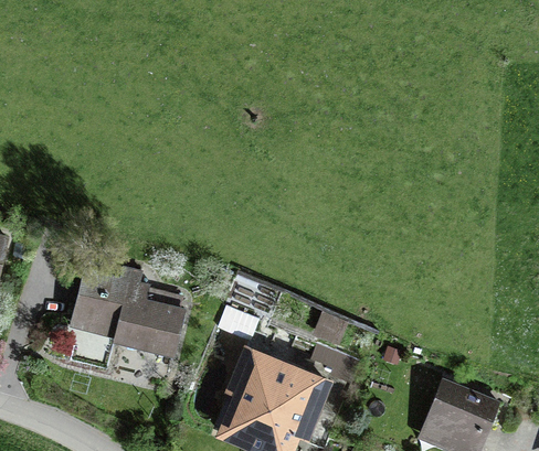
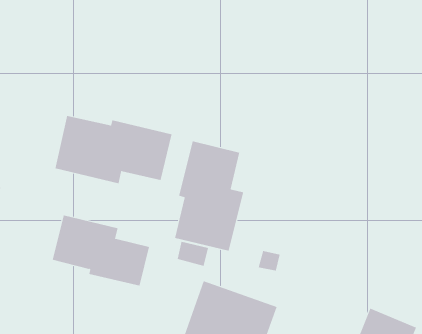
building: none -> [55,115,172,184]
building: none -> [174,140,244,252]

